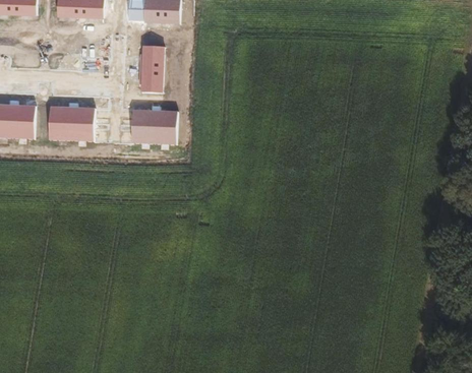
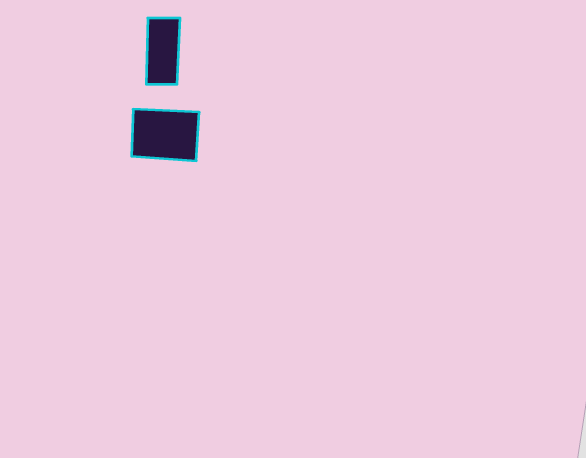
building: [48,107,95,142] -> none

